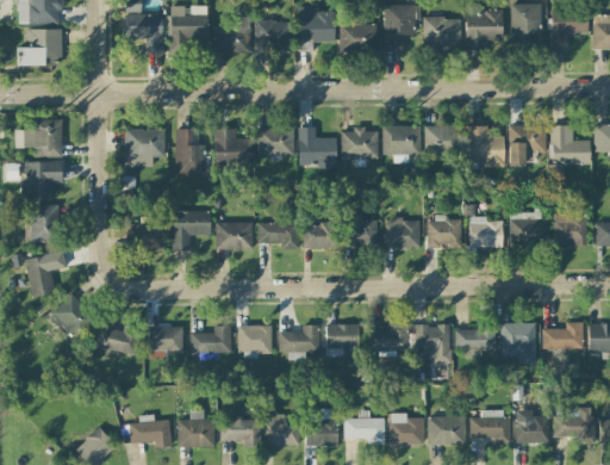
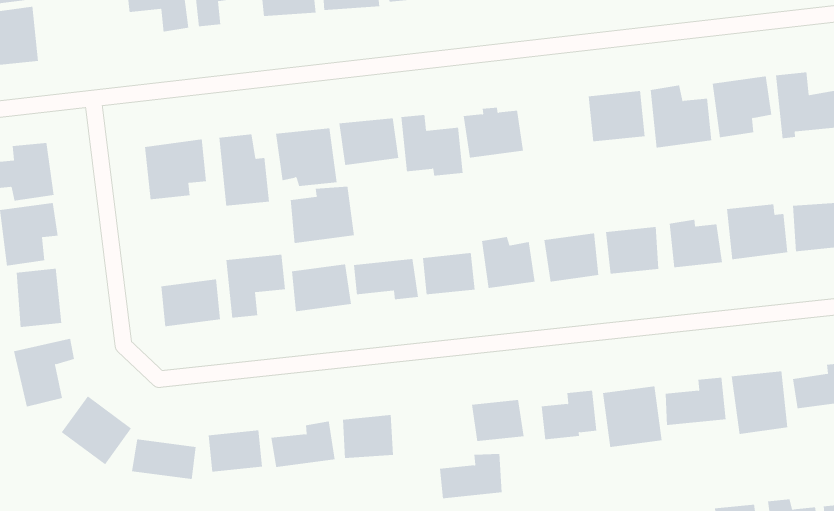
building: [381,126,419,162] -> none
building: none -> [290,186,355,244]
building: [278,324,319,352] -> [439,453,502,499]

